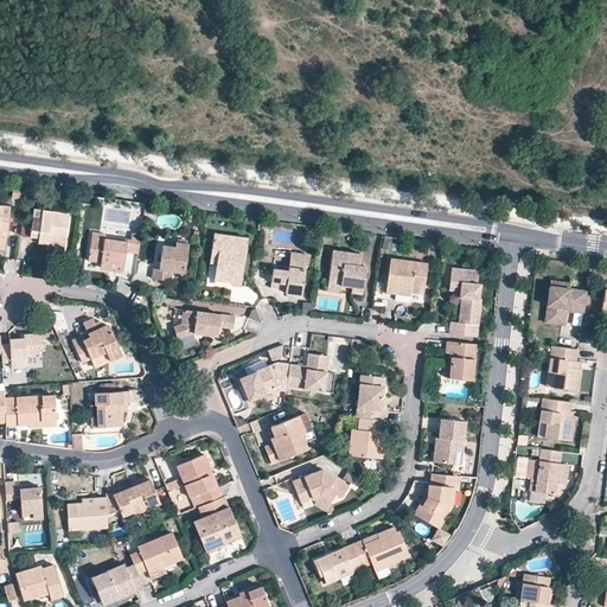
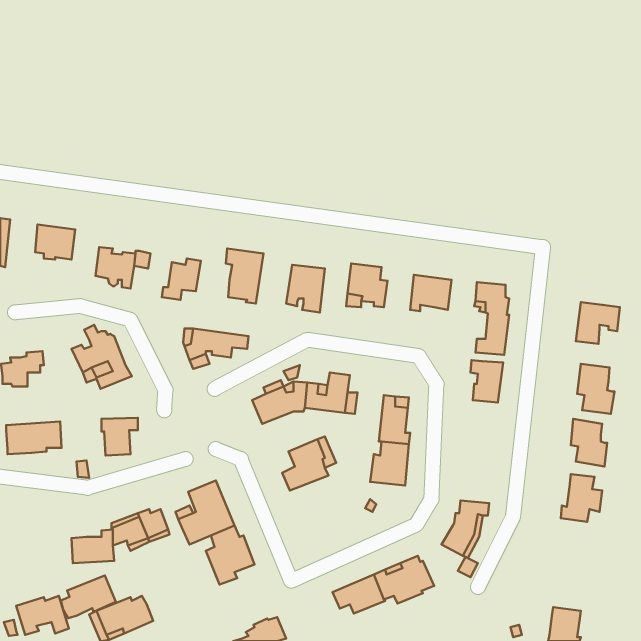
building: [435,418,466,462] -> none
building: [293,468,350,503] -> none
building: [20,487,41,522] -> none
building: [132,531,184,571] -> [61,575,116,618]

